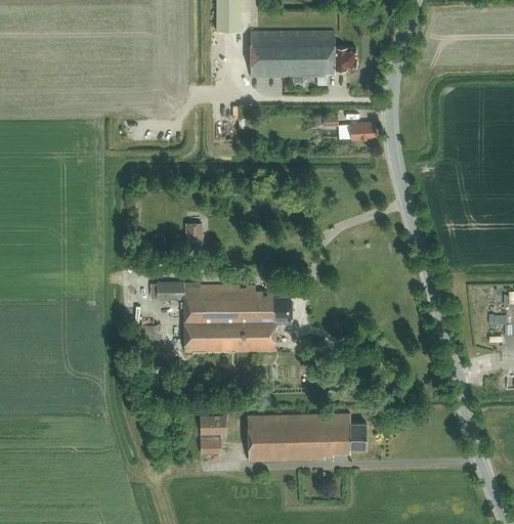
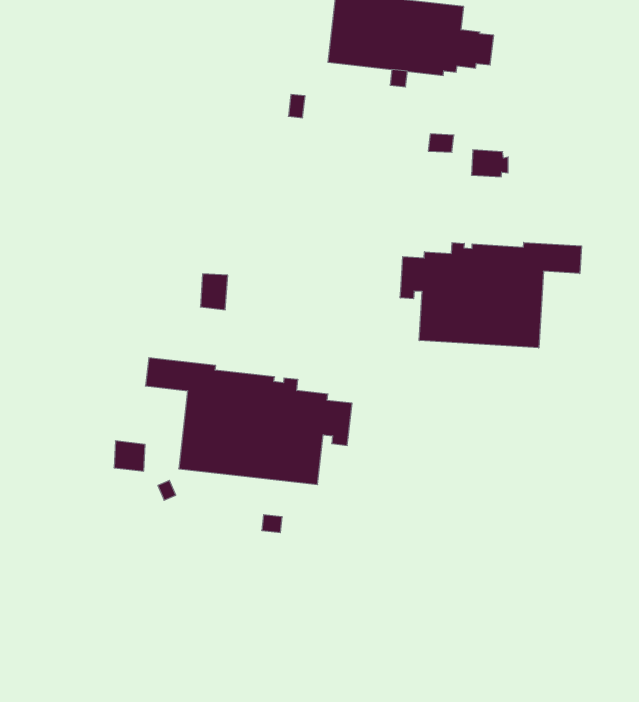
building: none -> [400,242,581,348]
building: [246,412,366,461] -> none
building: [199,416,226,452] -> none

